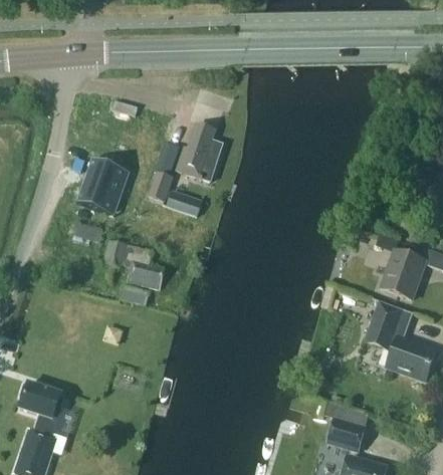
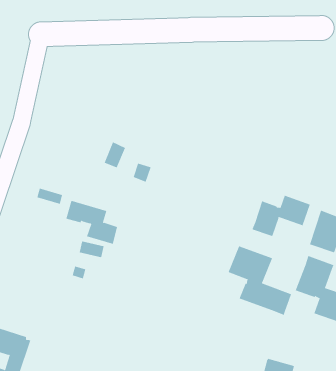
building: [176,125,225,184] -> none
building: [76,158,125,213] -> none
building: none -> [248,195,310,237]
building: none -> [228,245,293,320]

